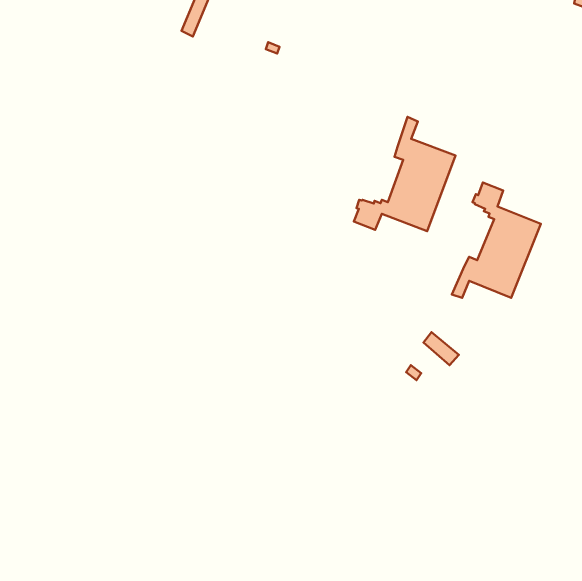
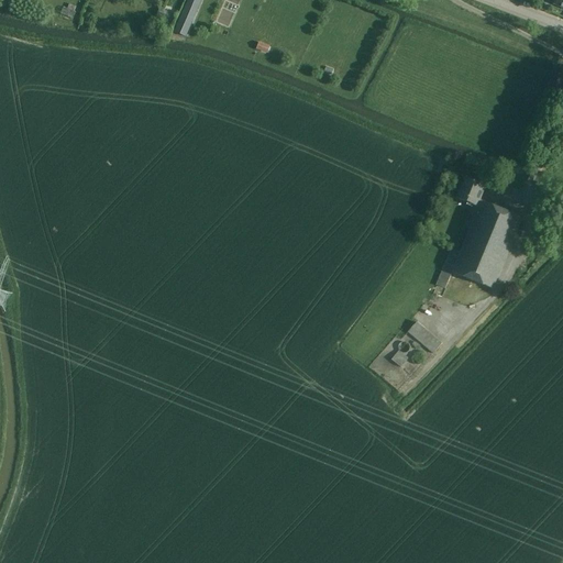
building: [354,117,456,231] -> none

